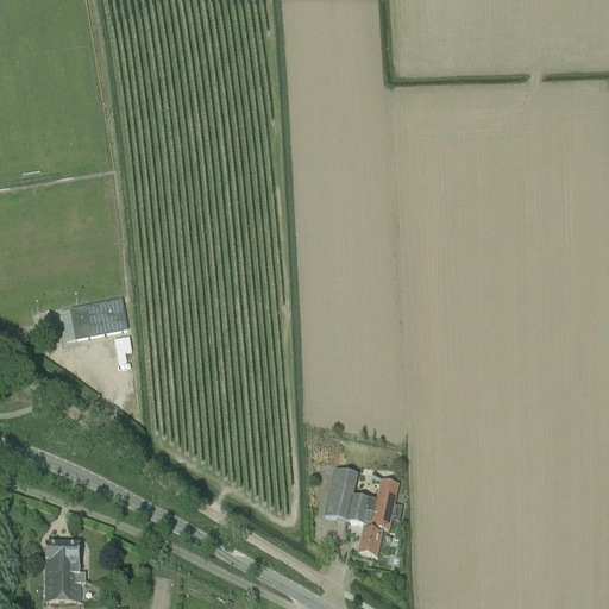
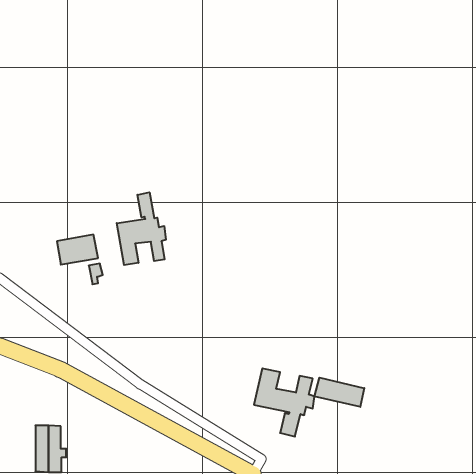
building: none -> [117,192,166,265]
building: none -> [315,378,364,407]

